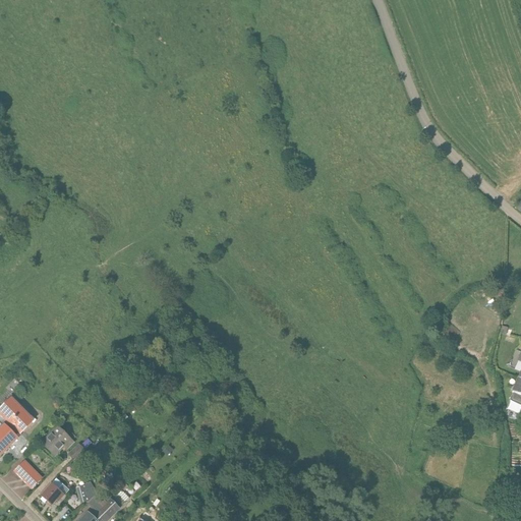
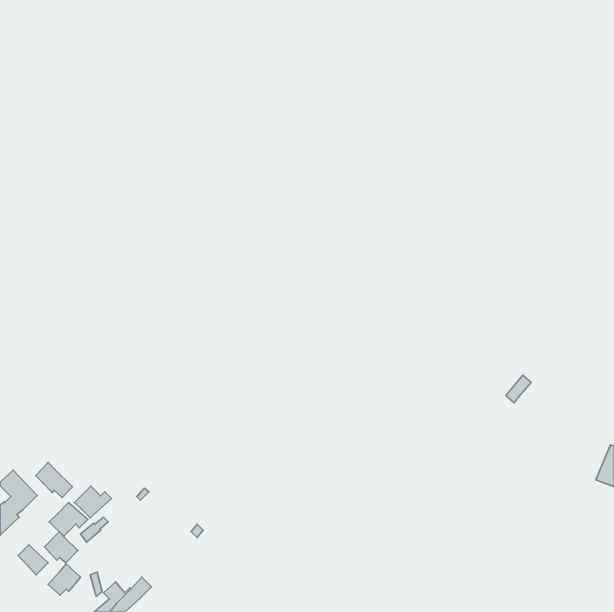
building: none -> [36,463,72,497]
building: none -> [75,486,112,518]
building: none -> [44,532,78,563]

